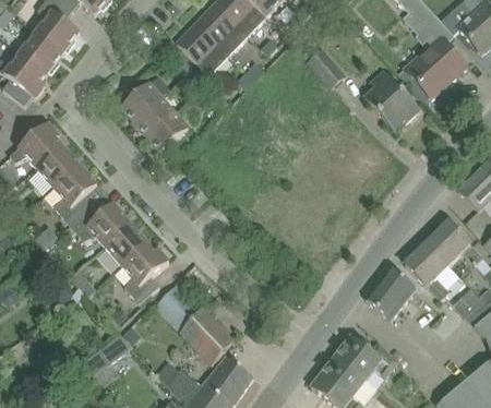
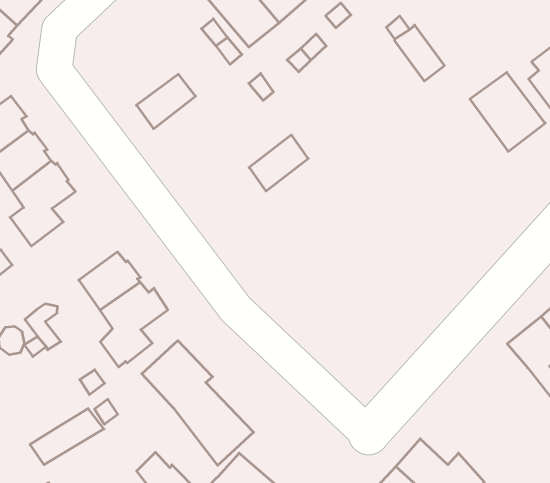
building: [121,74,169,121] -> none
building: [147,111,188,152] -> [249,135,308,191]
building: [70,203,130,245] -> none
building: [366,267,416,319] -> none

